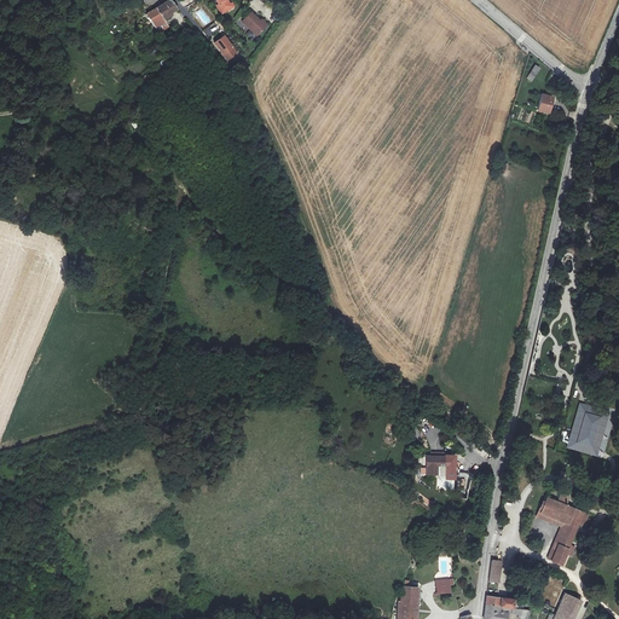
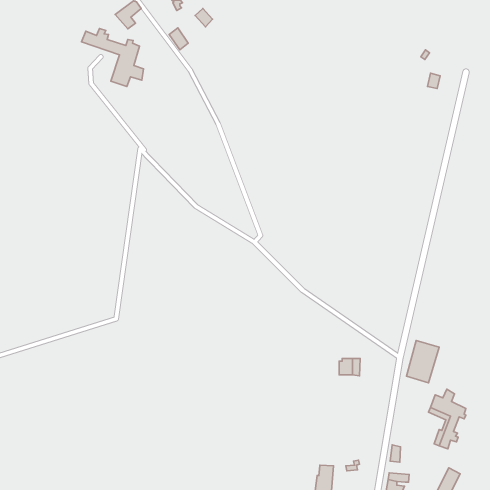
building: none -> [81,28,144,87]
building: [565,404,606,457] -> [406,340,439,383]

